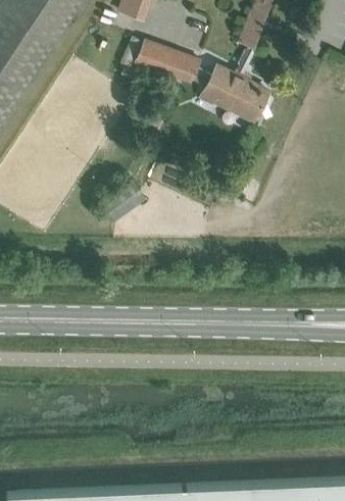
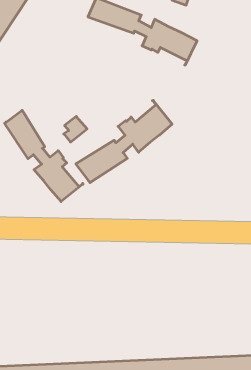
building: none -> [76,100,172,183]
building: none -> [5,110,83,202]

